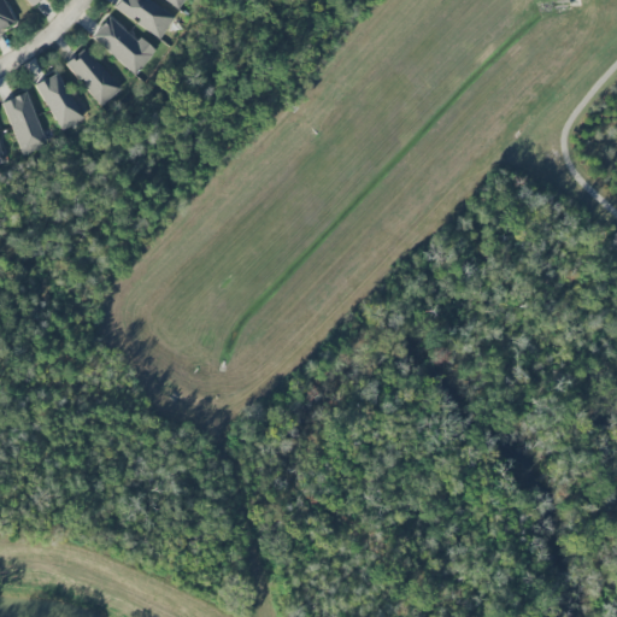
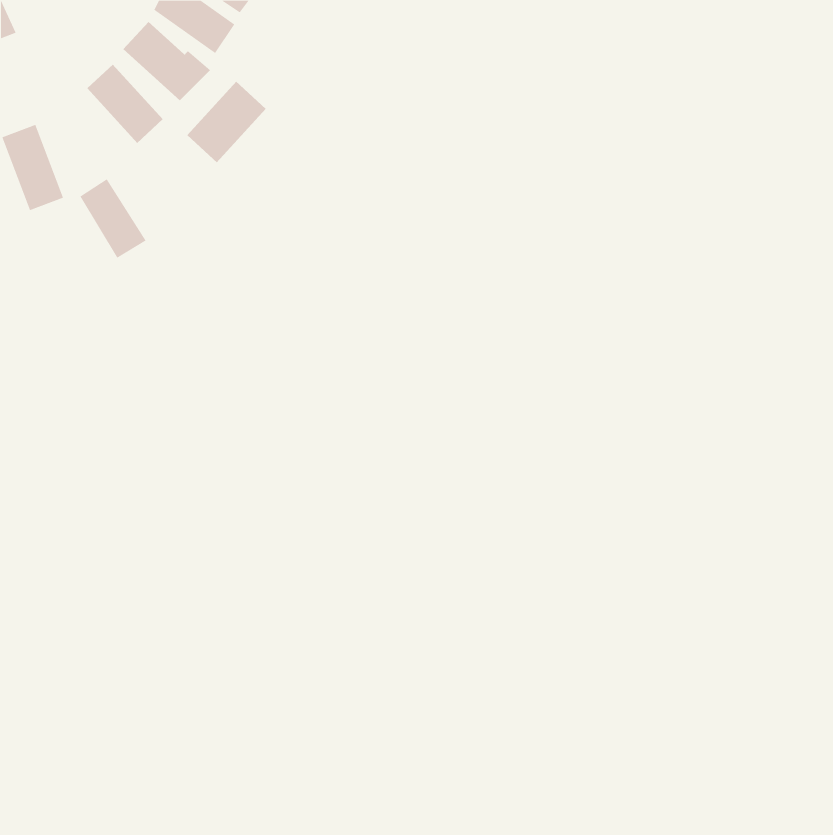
building: none -> [186,81,266,163]
building: [35,72,84,131] -> [79,178,146,258]

